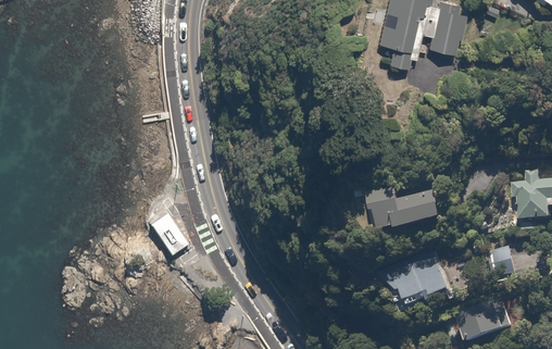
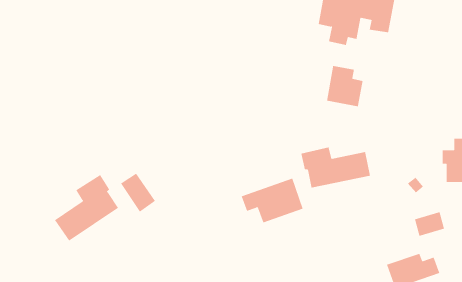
building: none -> [327,65,363,107]
building: none -> [54,174,119,242]
building: [378,255,449,307] -> [241,178,303,223]

